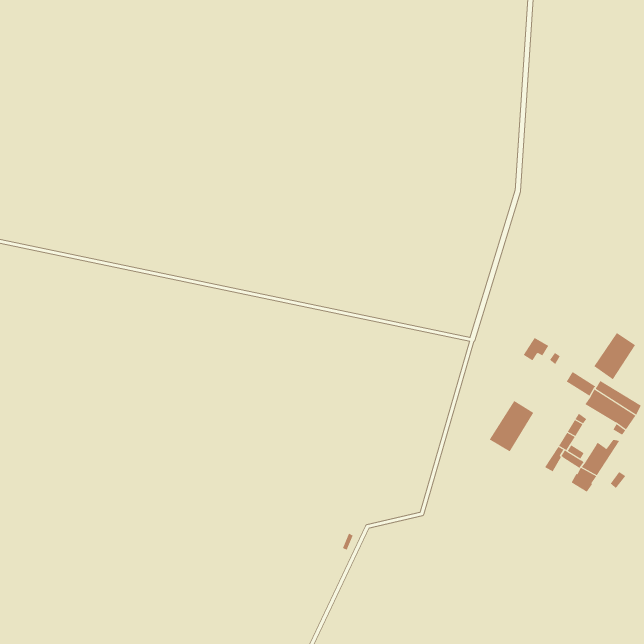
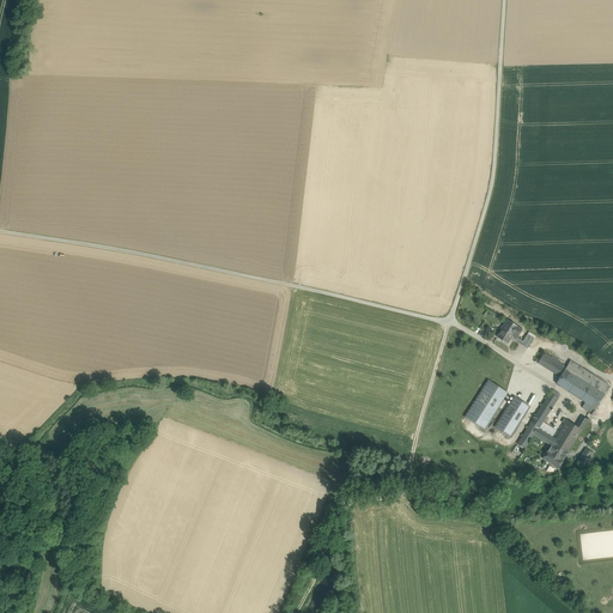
building: [594,332,636,380] -> none
building: none -> [493,395,528,436]

